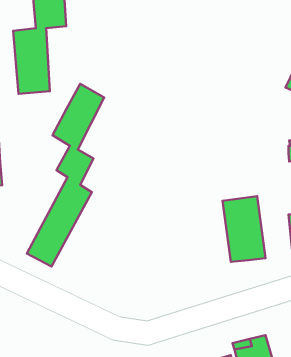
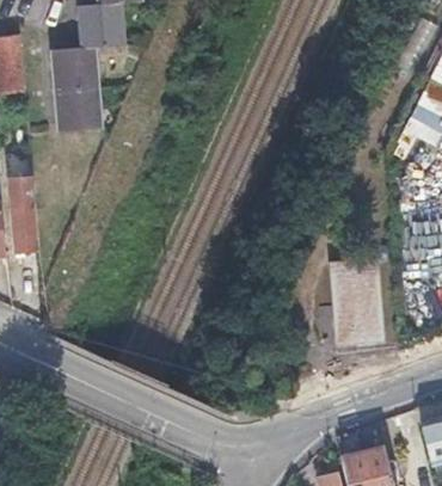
building: [27,84,104,267] -> none

